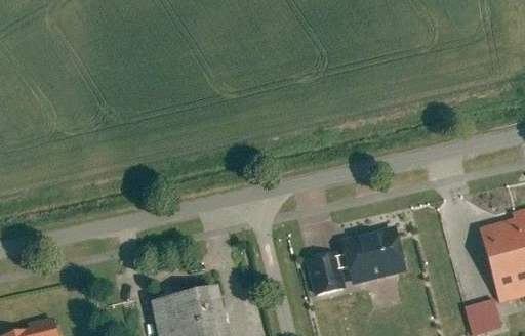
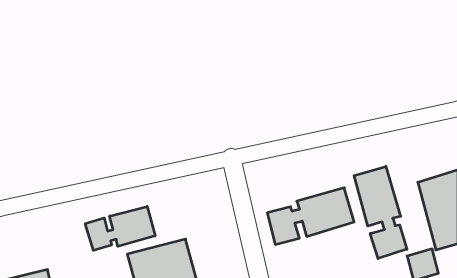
building: none -> [354,166,407,259]
building: none -> [85,206,155,250]

